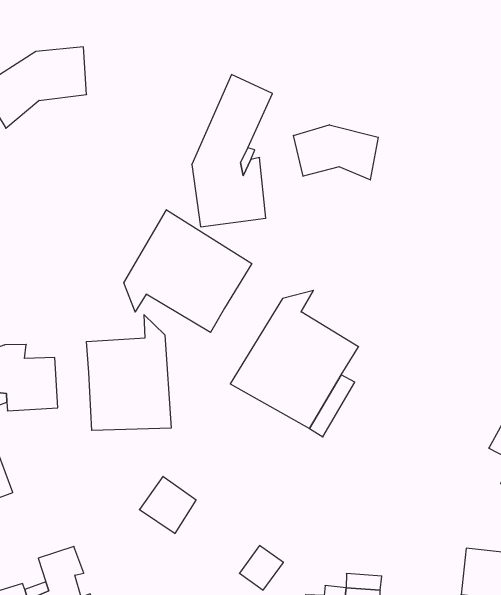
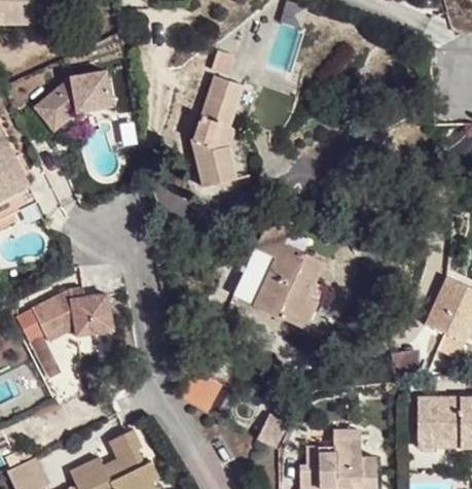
building: [293,125,378,180] -> none
building: [124,210,252,332] -> none
building: [86,315,171,430] -> none

